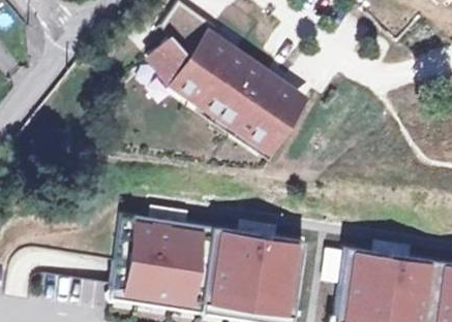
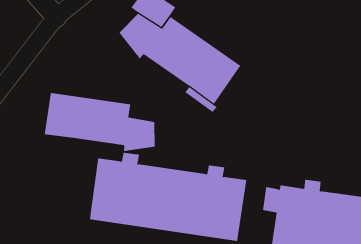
building: none -> [44,92,155,152]

